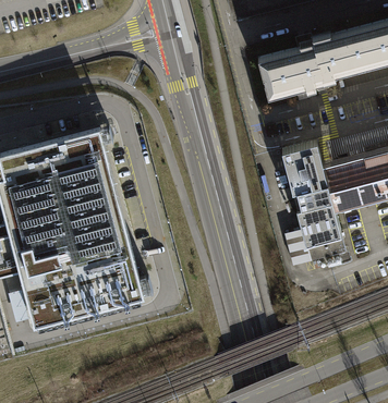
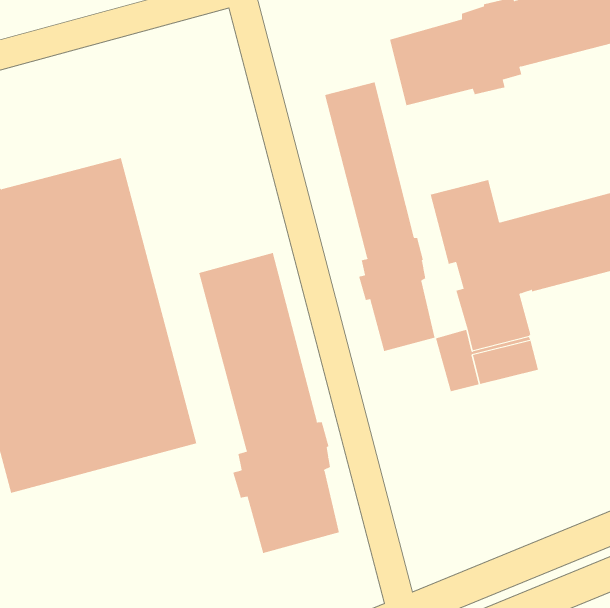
building: none -> [325,81,435,352]
building: none -> [199,252,339,554]

